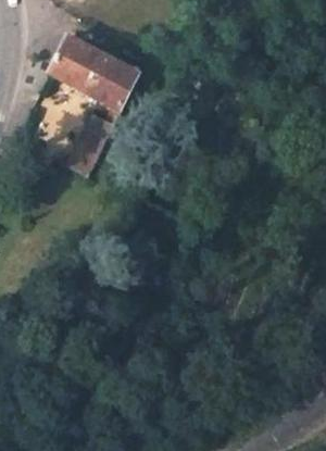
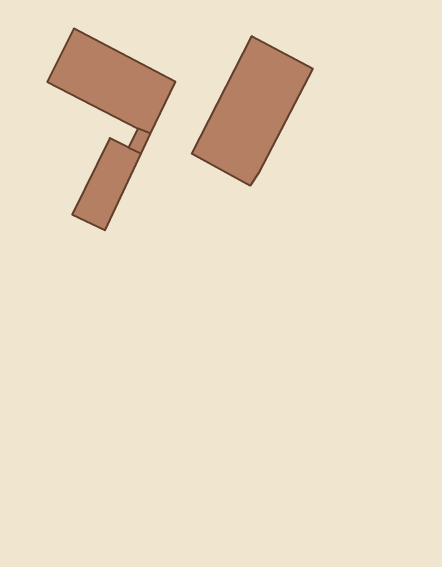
building: none -> [192,36,313,186]

